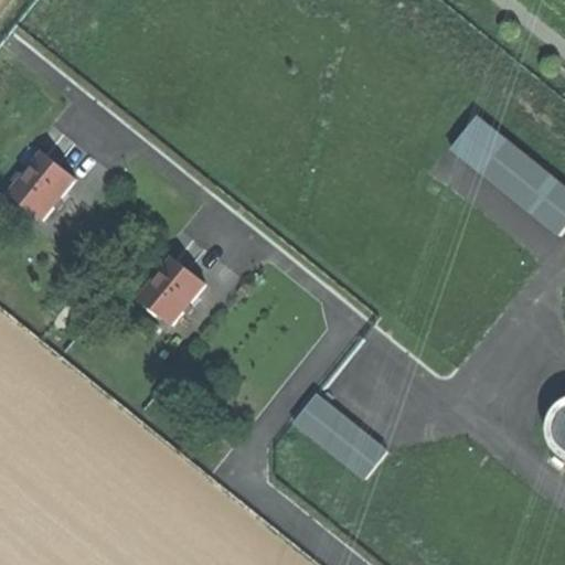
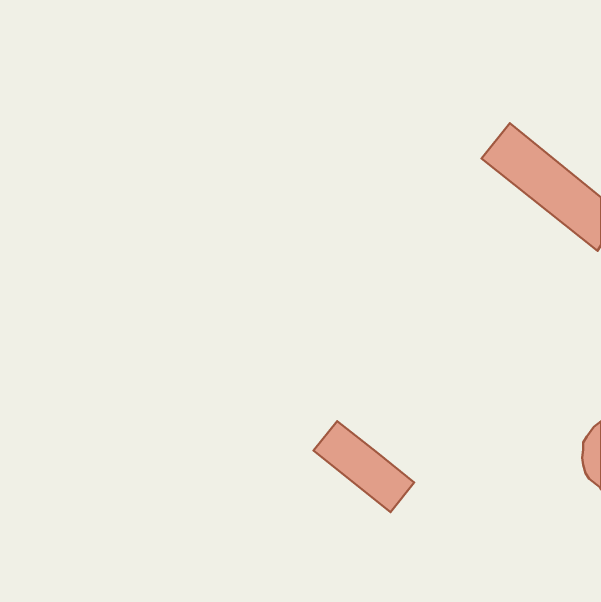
building: [9,152,73,217] -> none
building: [139,257,204,322] -> none

